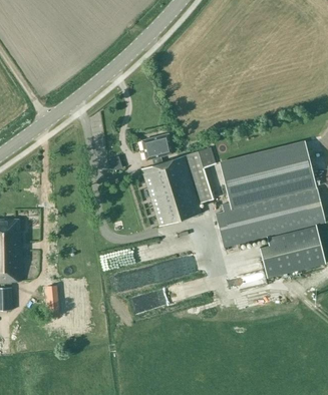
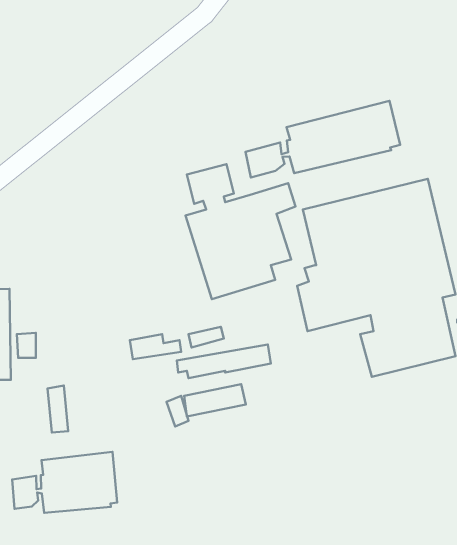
building: none -> [245,101,400,177]
building: none -> [12,452,117,513]

